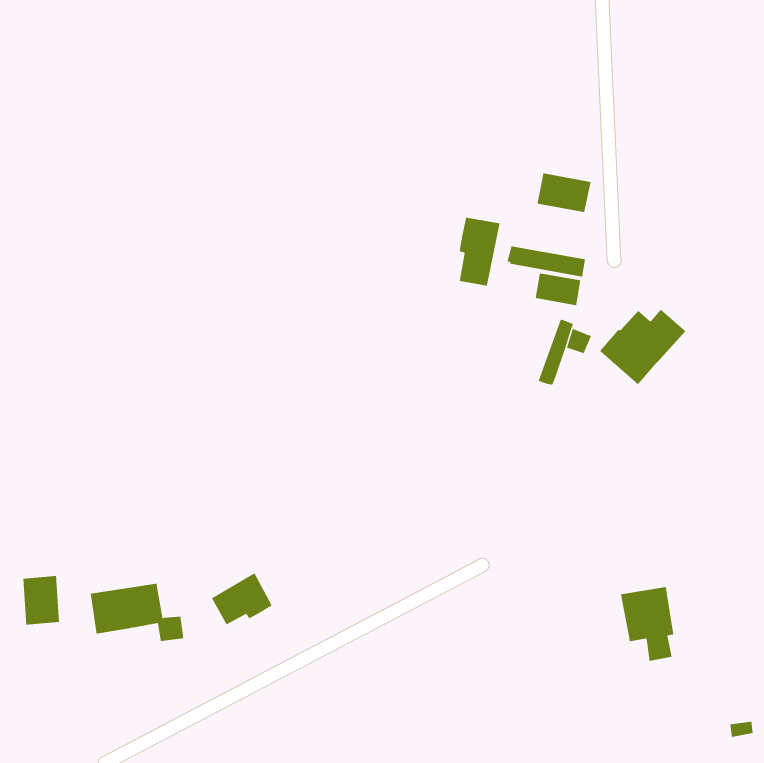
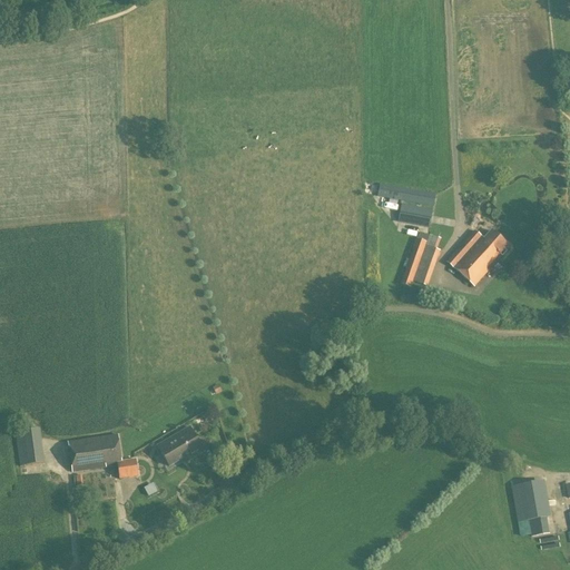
building: [537,173,591,213] -> none
building: [459,217,500,287] -> none
building: [620,587,674,661] -> [512,480,552,535]

